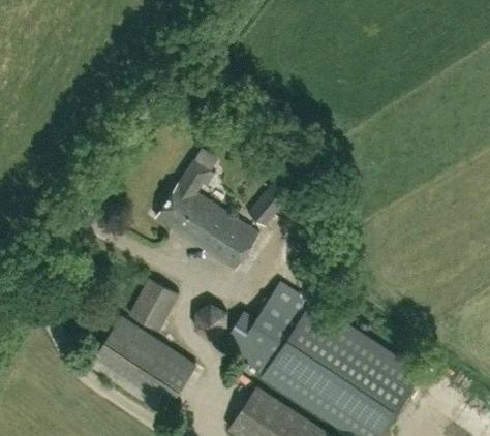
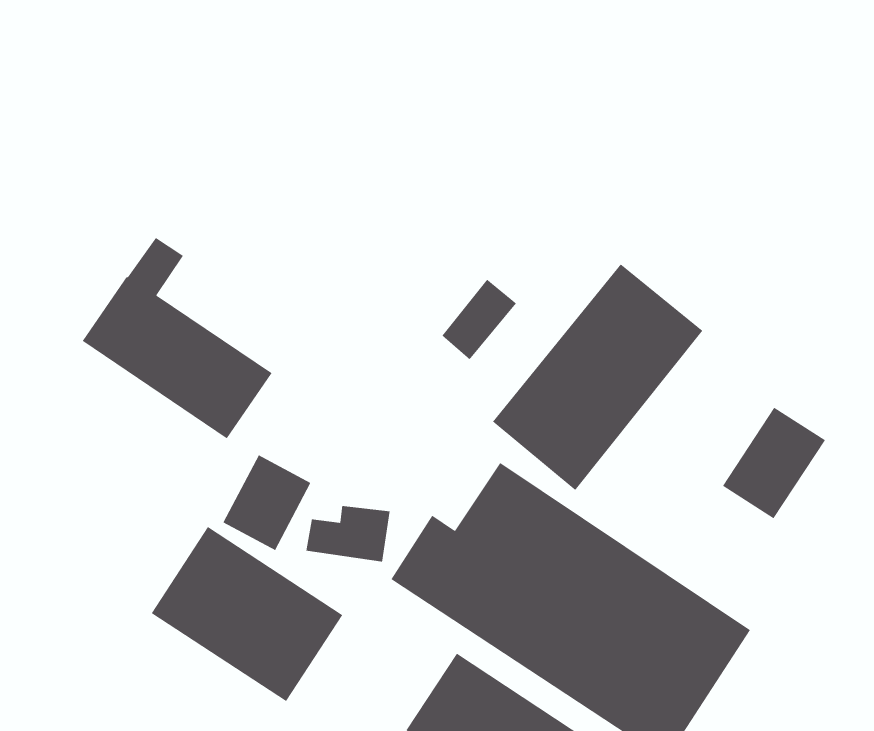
building: [155,159,259,270] -> [82,237,272,439]
building: none -> [492,263,703,491]
building: none -> [722,407,826,519]

